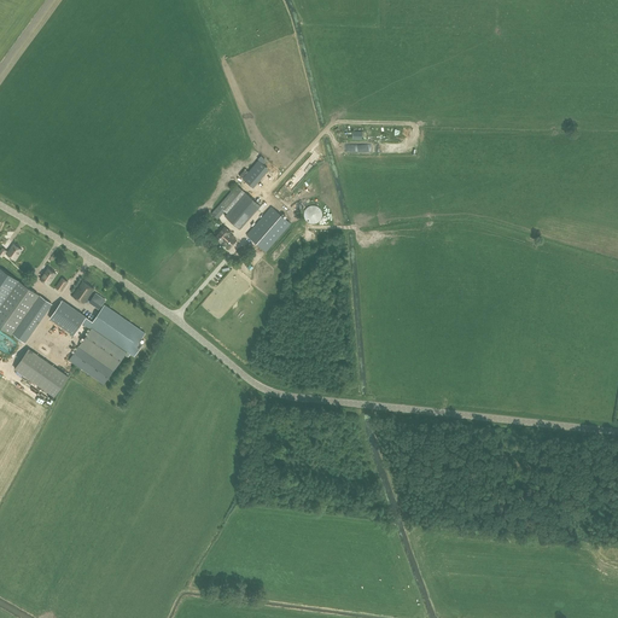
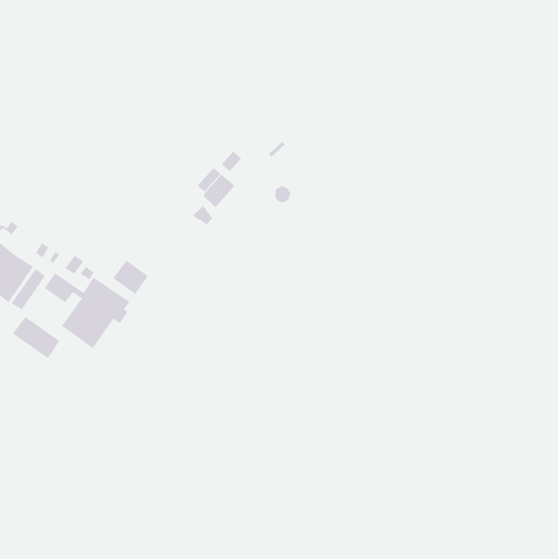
building: [245,206,290,252] -> none
building: none -> [113,260,148,295]

